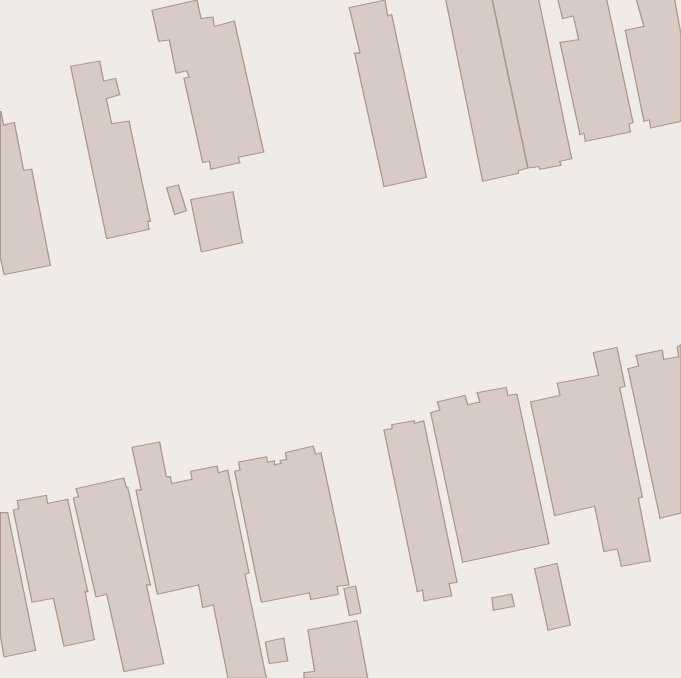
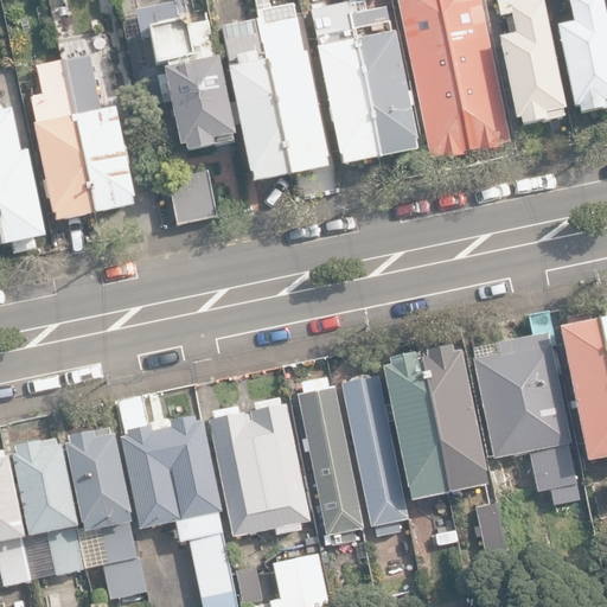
building: none -> [349,5,416,158]
building: none -> [222,17,325,183]
building: none -> [31,59,95,221]
building: none -> [298,375,364,543]

